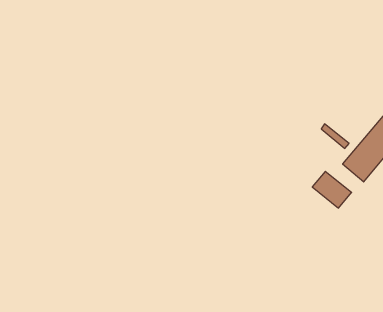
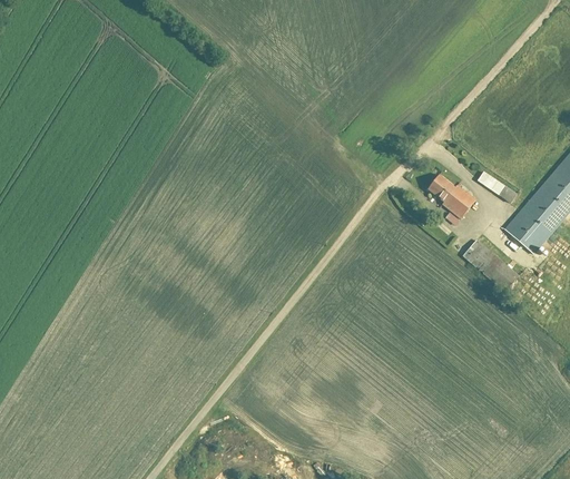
building: none -> [430,179,470,214]

